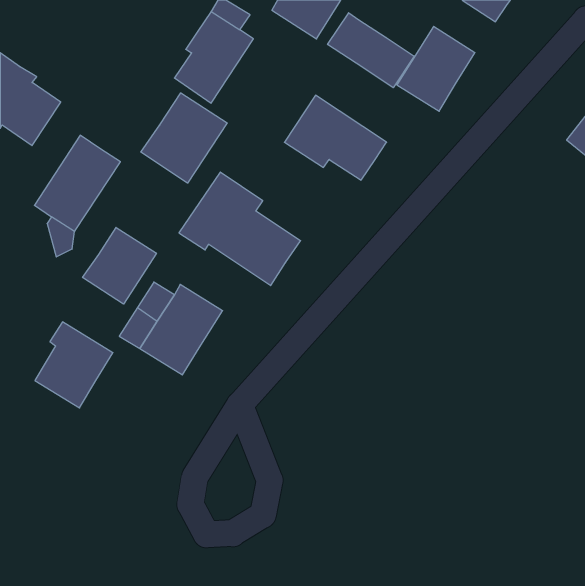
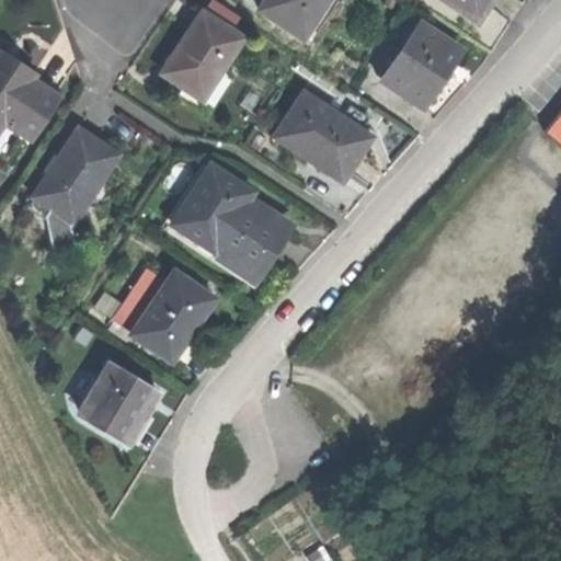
building: [328,13,414,88] -> none
building: [141,93,227,183] -> none
building: [83,227,156,304] -> none
building: [35,322,113,408] -> [84,363,159,445]

